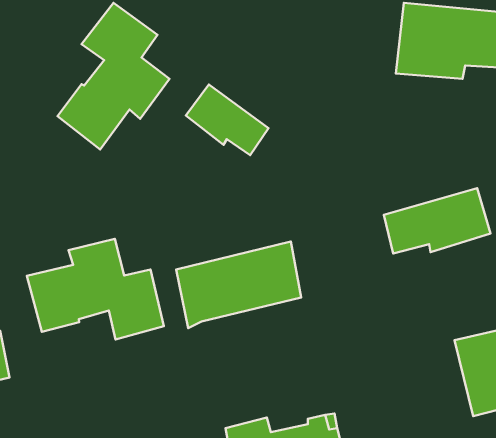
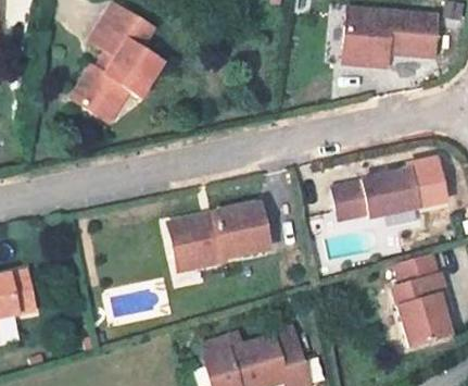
building: [186,84,269,155] -> none
building: [27,239,164,340] -> none

